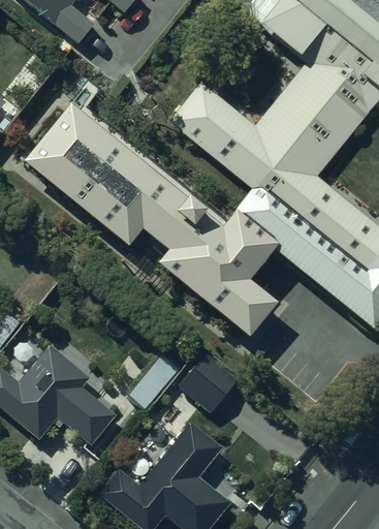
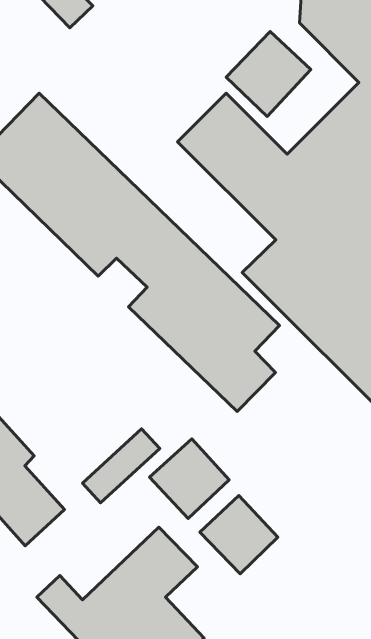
building: none -> [226,32,311,117]
building: none -> [200,496,278,574]

